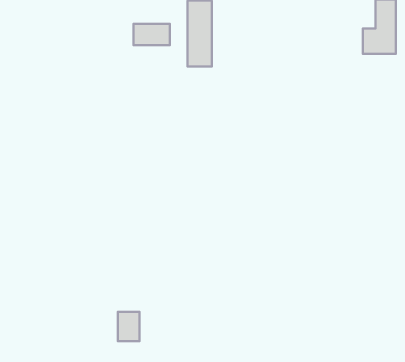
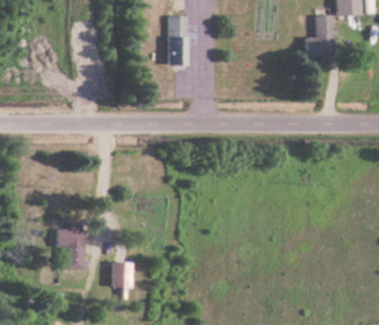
building: [134,24,170,45] -> none
building: none -> [58,228,85,269]

